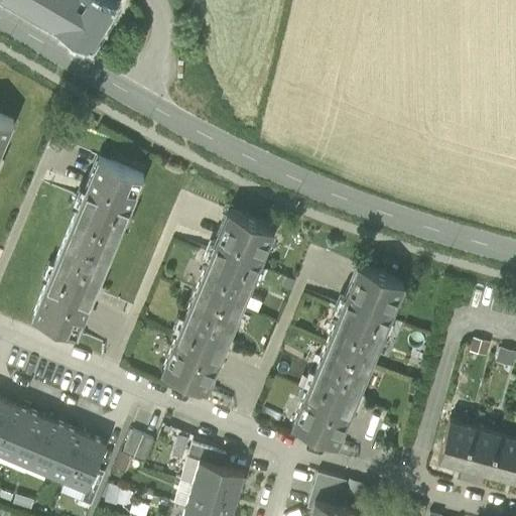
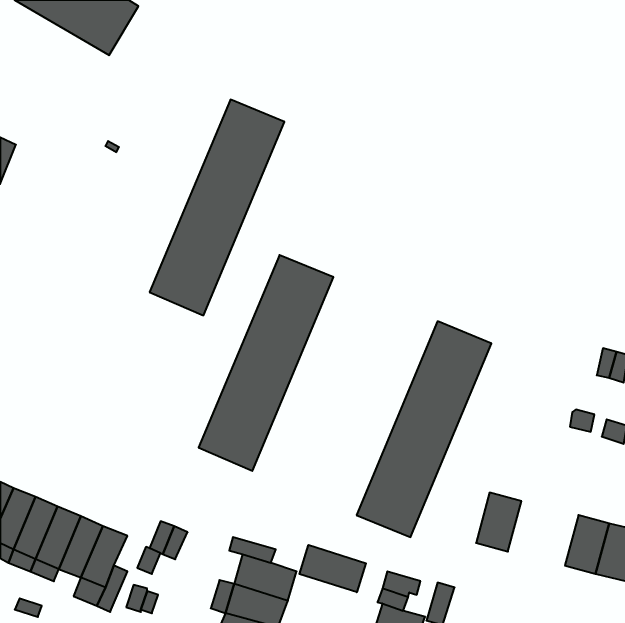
building: [34,158,145,336] -> [150,100,284,315]
building: [439,419,477,468] -> [476,493,521,552]
building: none -> [299,545,366,592]

